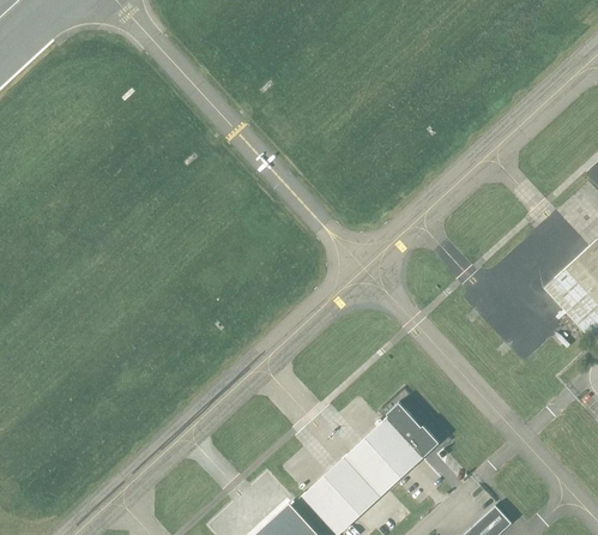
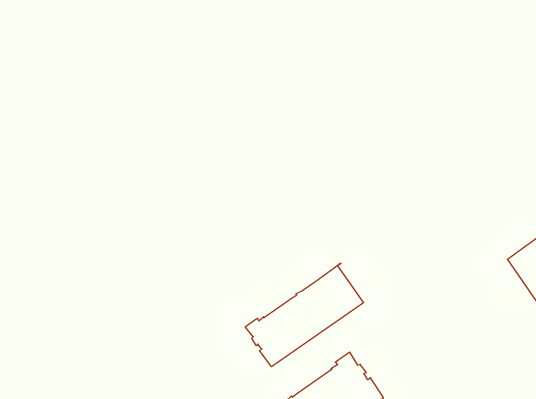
building: none -> [245,263,364,367]

